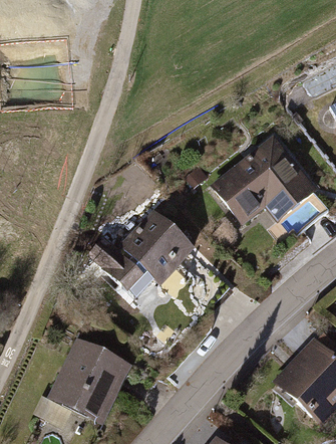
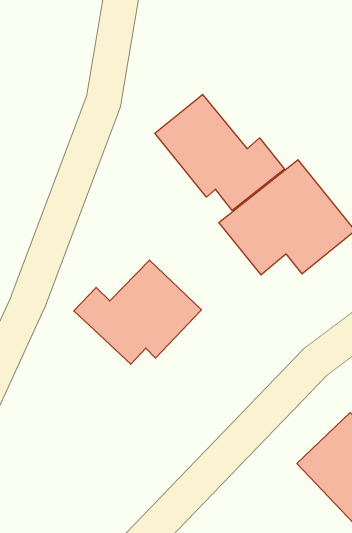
building: none -> [155,94,285,210]
building: [48,339,132,424] -> none

